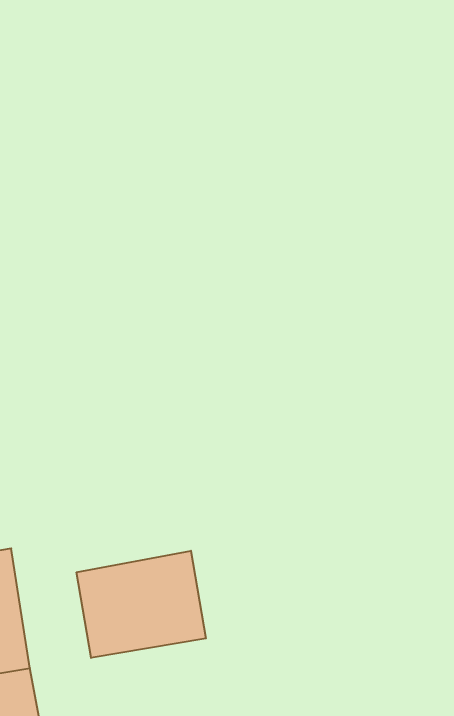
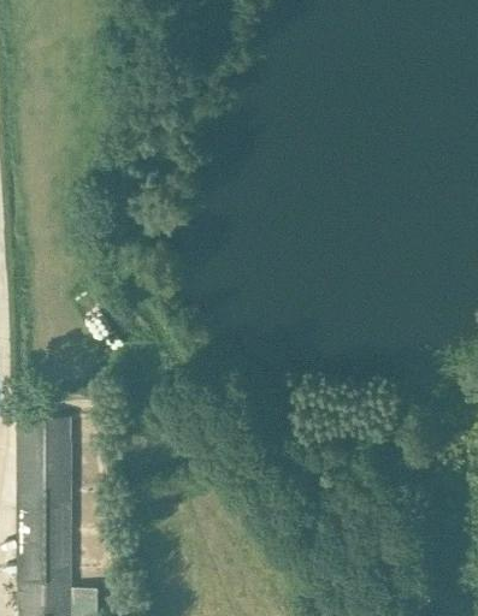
building: [77,551,206,658] -> none

